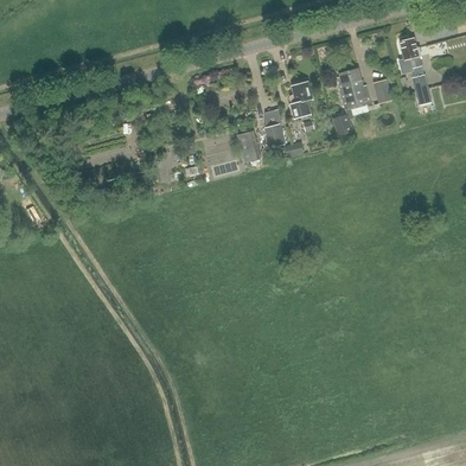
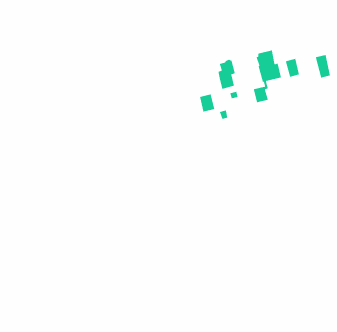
building: [398,38,421,74] -> none
building: [237,130,261,162] -> none

